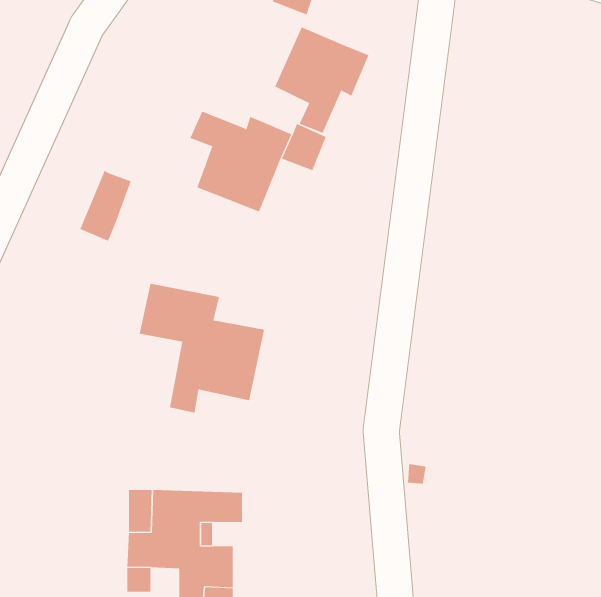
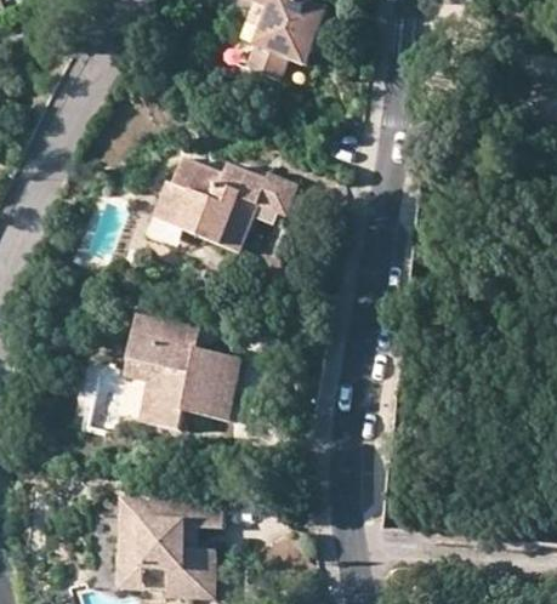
building: [274,26,369,134] -> none
building: [80,170,132,241] -> [147,183,193,246]
building: none -> [125,359,166,424]

